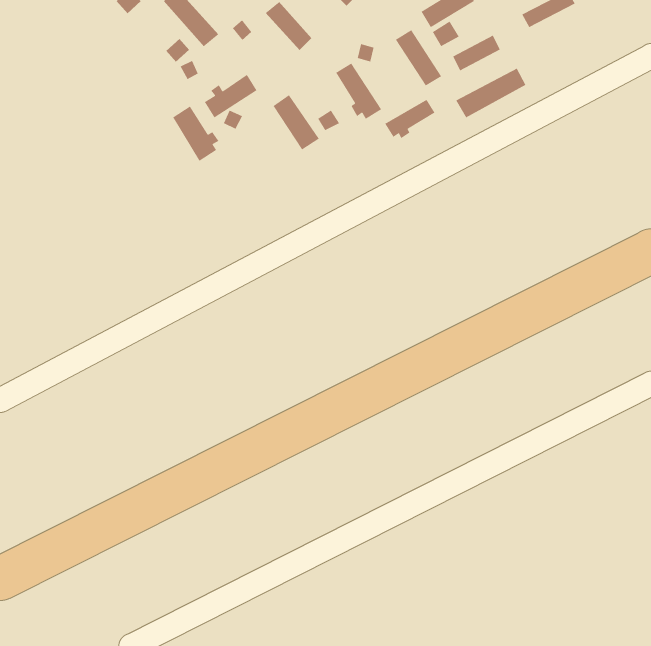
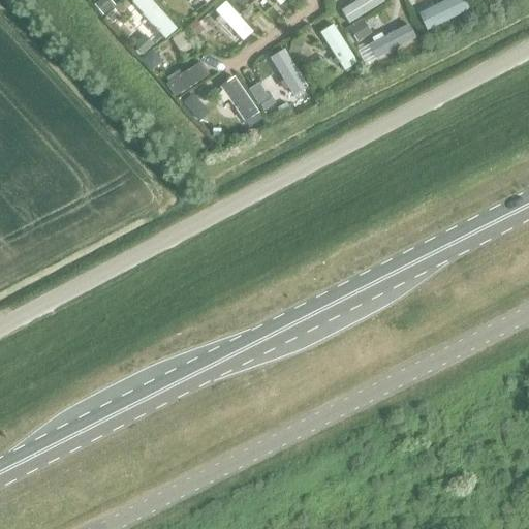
building: [455,67,526,118] -> none
building: [384,99,435,139] -> none
building: [172,105,220,162] -> none

